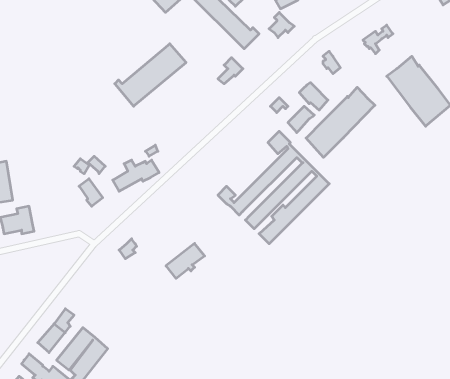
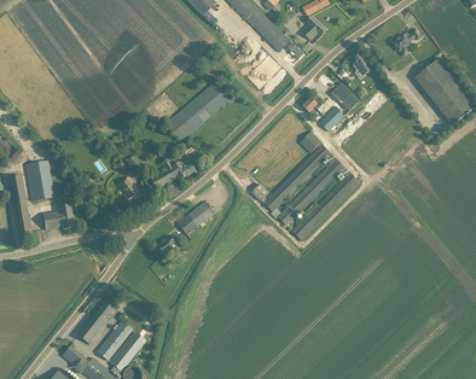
building: [115,44,186,106] -> [161,82,230,142]
building: [306,87,375,157] -> none
building: [166,243,205,278] -> [176,200,214,234]

